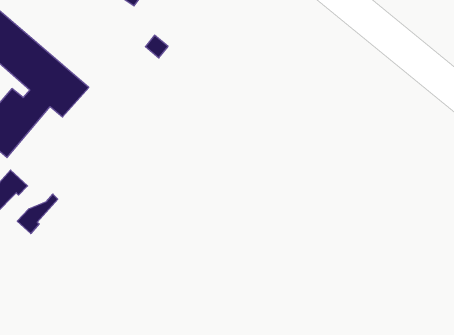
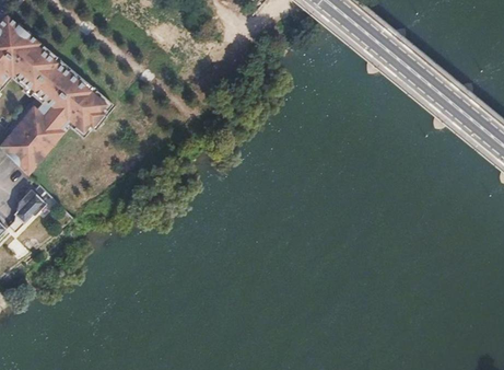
building: [17,194,58,234] -> none

